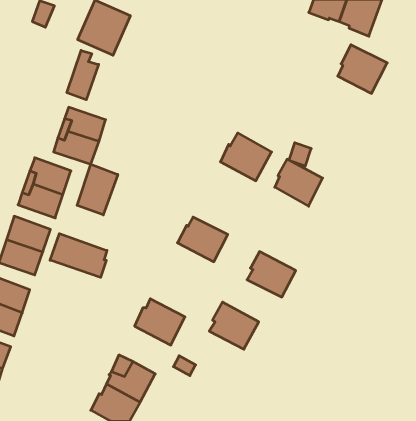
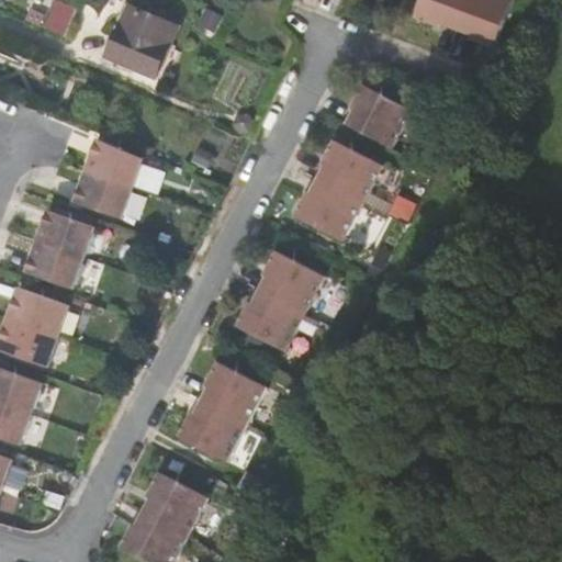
building: [338,45,387,93] -> [344,83,409,148]
building: [67,50,99,100] -> none
building: [275,159,323,206] -> [316,139,380,202]
building: [77,164,118,215] -> none
building: [50,234,107,277] -> none
building: [247,252,296,297] -> [257,251,322,312]
building: [209,302,259,349] -> [200,359,266,422]

